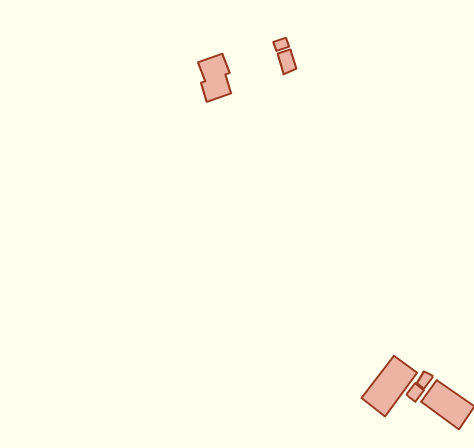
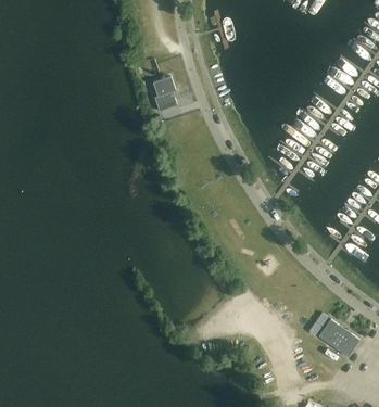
building: [361,356,417,416] -> none

